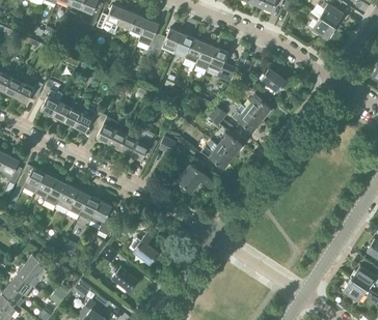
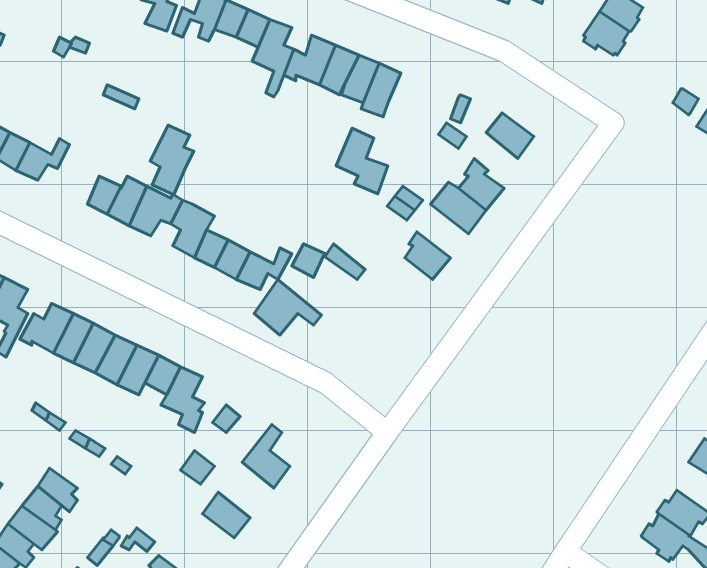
building: [208,48,235,82] -> [336,128,388,194]
building: [39,80,62,116] -> [150,125,194,195]
building: [200,140,233,168] -> none
building: [178,164,213,193] -> [254,280,322,335]

